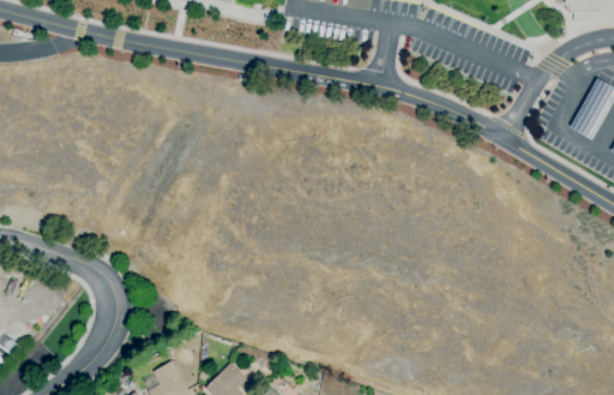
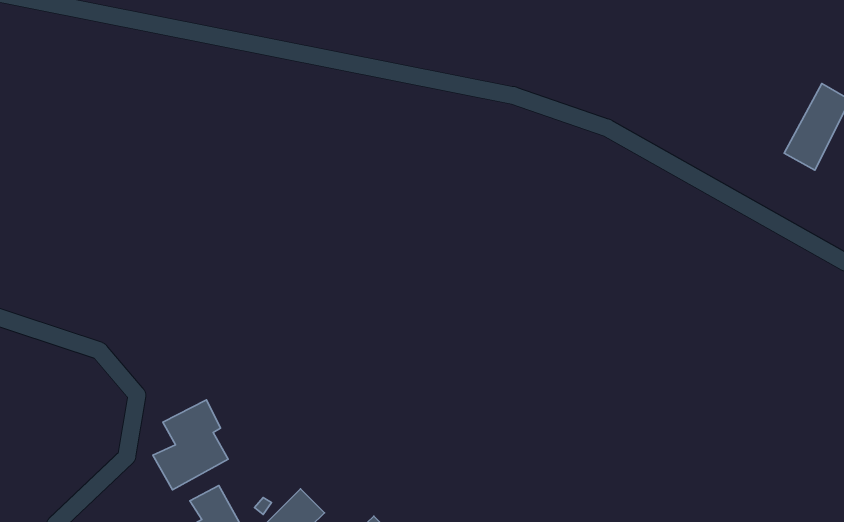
building: none -> [153,400,228,490]

